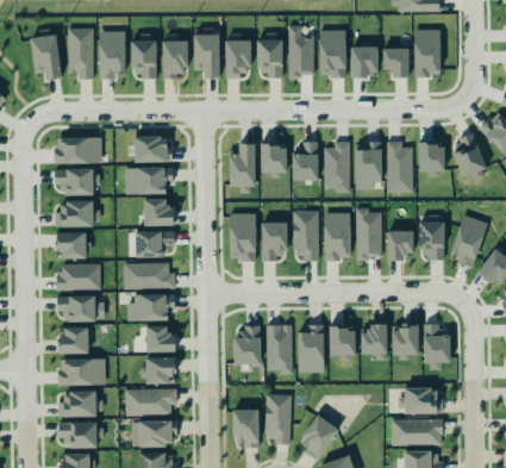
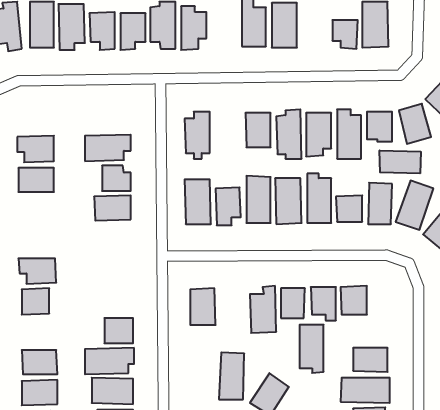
building: [256,35,282,77] -> none
building: [350,46,377,75] -> none
building: [133,136,169,162] -> none
building: [54,137,101,163] -> none
building: [260,143,286,177] -> none
building: none -> [380,150,421,173]
building: [55,232,86,258] -> none
building: [123,262,175,288] -> none
building: [57,263,100,291] -> none
building: [129,293,175,320] -> none
building: [267,324,292,374] -> [300,325,324,373]
building: [423,324,450,363] -> none
building: [145,325,175,351] -> none
building: [58,357,105,385] -> none
building: [232,408,258,444] -> none

